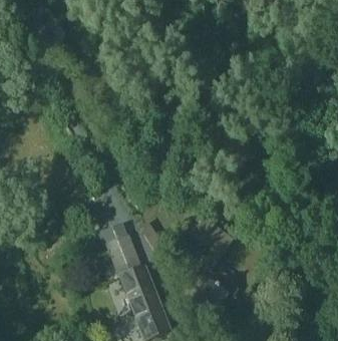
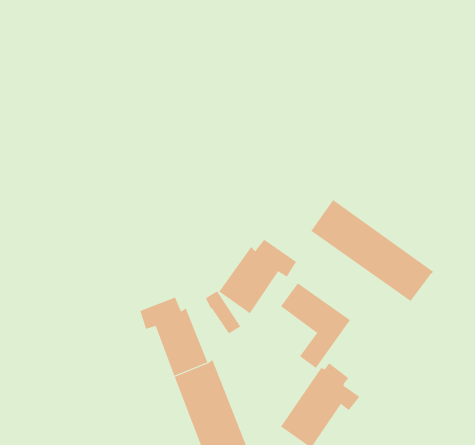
building: none -> [311,199,434,302]
building: none -> [219,239,297,314]

